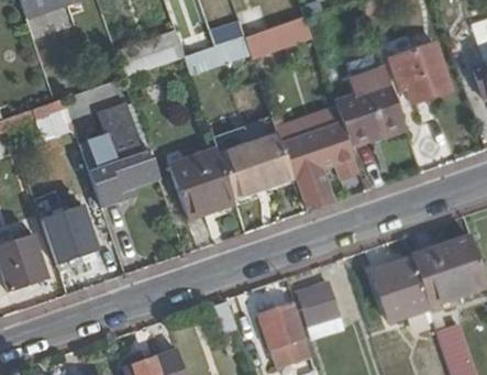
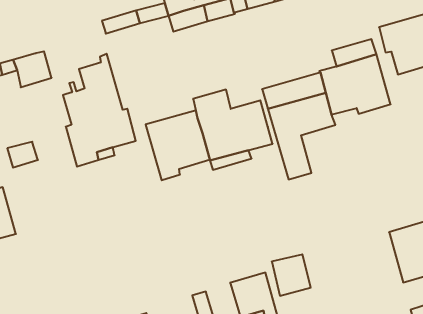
building: [42,211,97,265] -> none
building: [372,256,429,321] -> none

